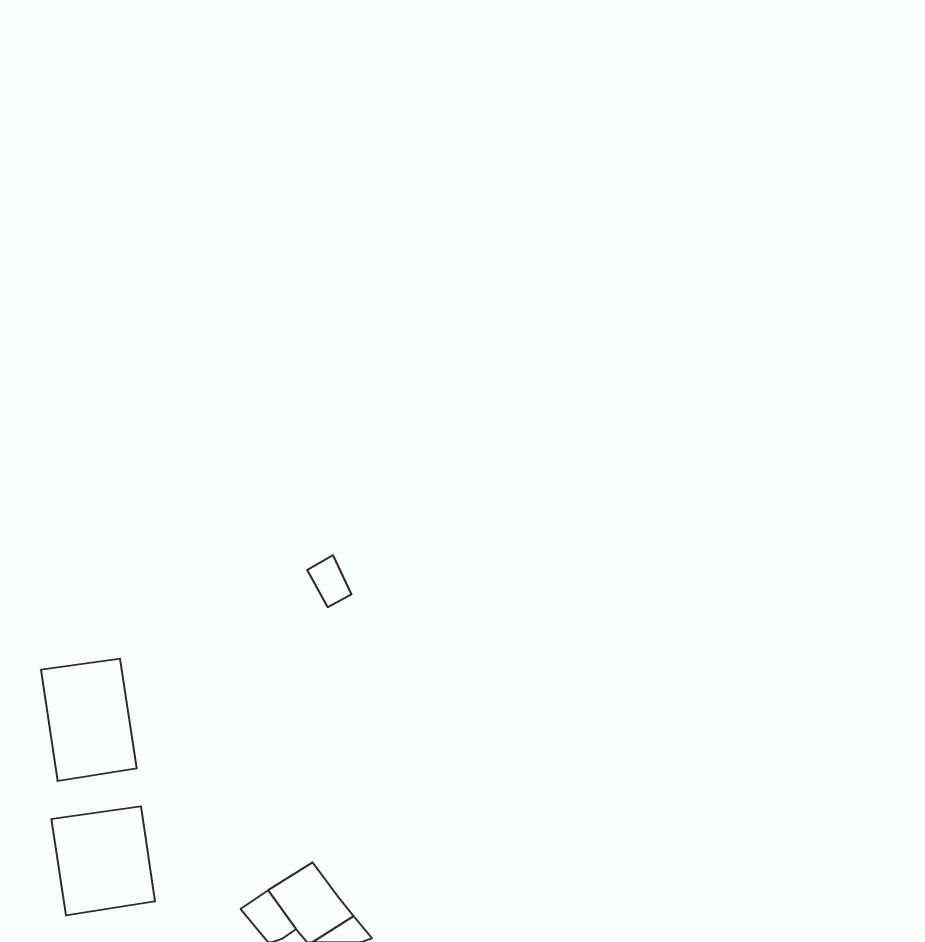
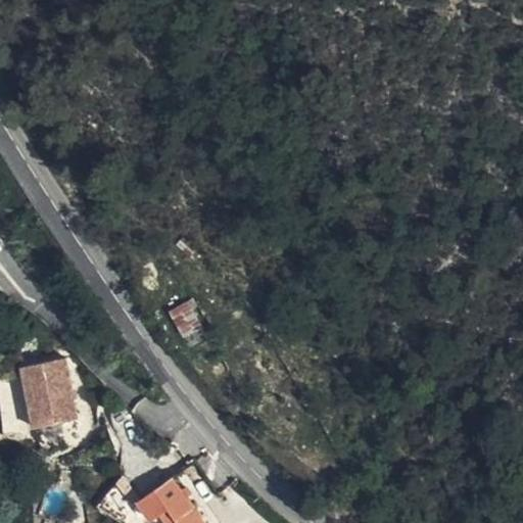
building: [52,806,155,916] -> none

